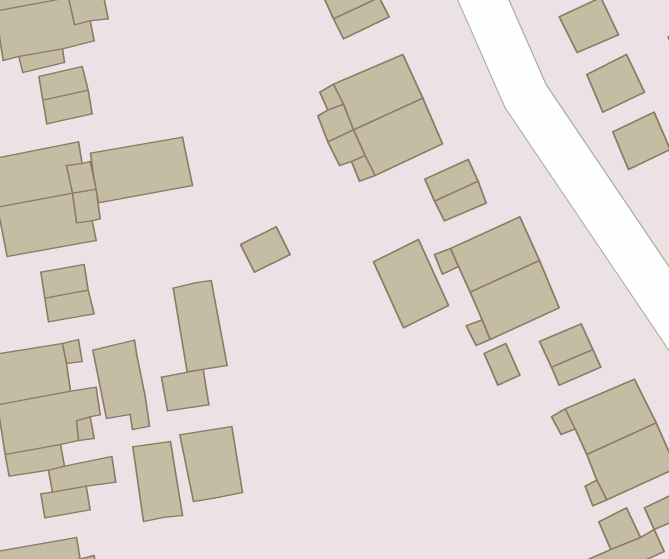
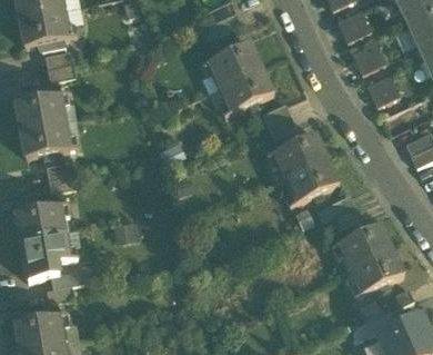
building: [91,137,192,203] -> none
building: [373,239,449,328] -> none
building: [173,280,227,372] -> none
building: [93,340,149,430] -> none
building: [180,427,243,502] -> none
building: [133,442,182,522] -> none

